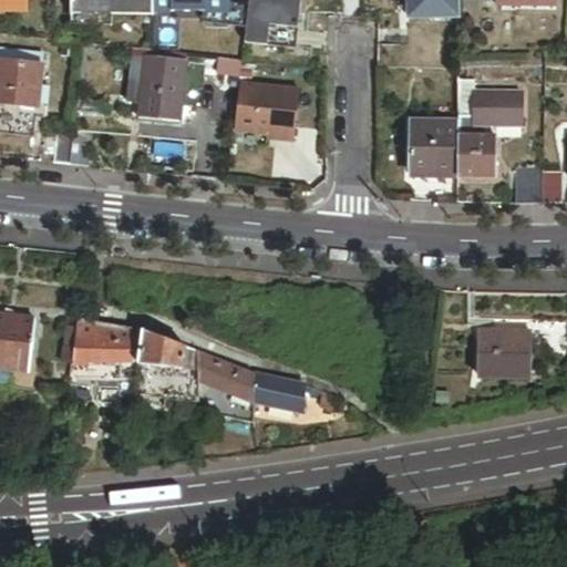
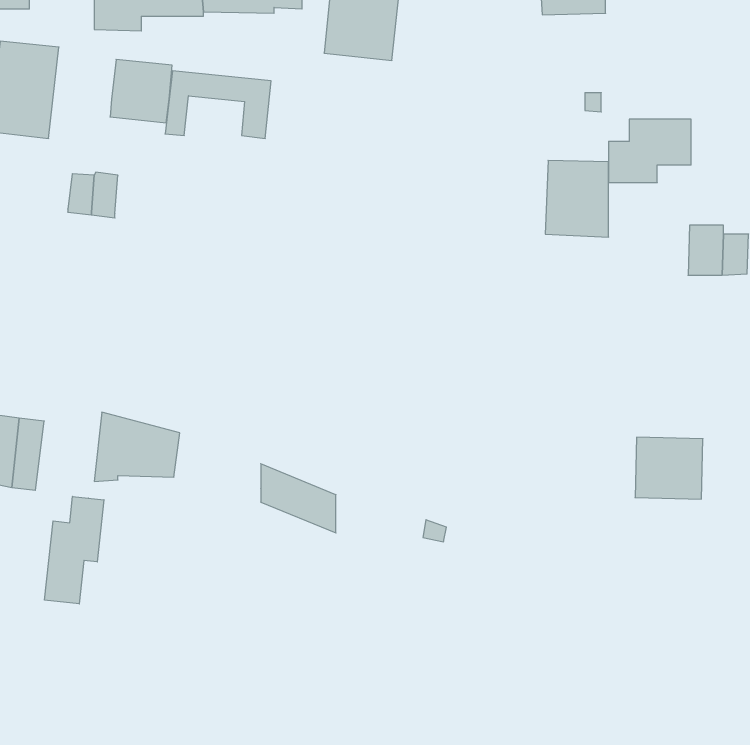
building: [137,72,184,120] -> [110,59,172,123]
building: [233,81,298,141] -> none
building: [457,137,494,179] -> none
building: [137,327,196,368] -> none
building: [252,372,302,411] -> none
building: none -> [45,496,104,604]

